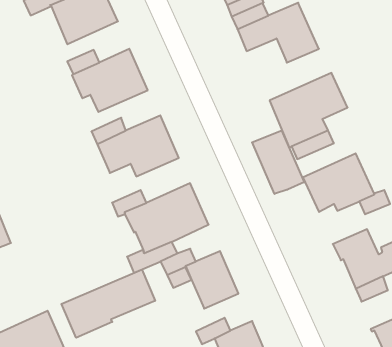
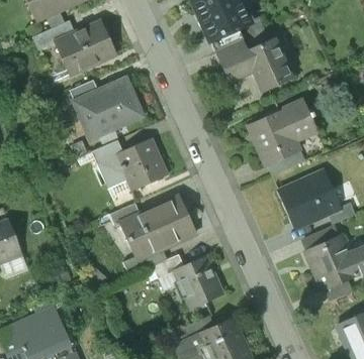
building: [252,131,304,194] -> none
building: [61,270,155,338] -> none

